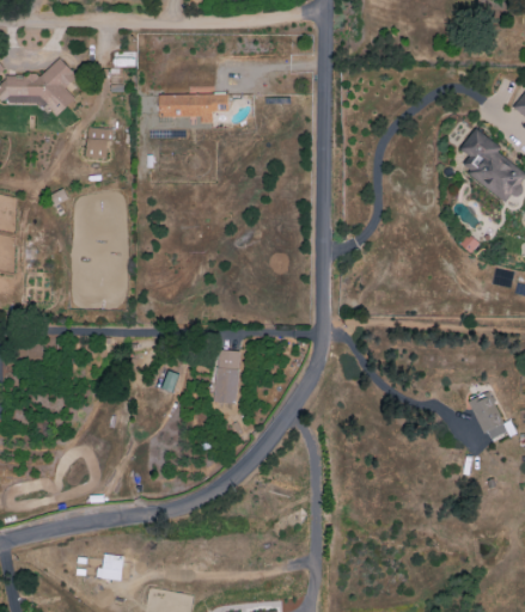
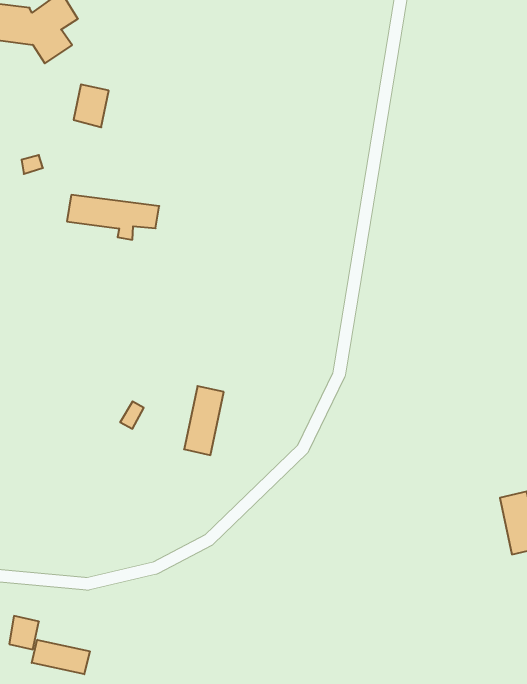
building: [158,93,228,123] -> [67,195,159,240]
building: none -> [32,640,90,674]

